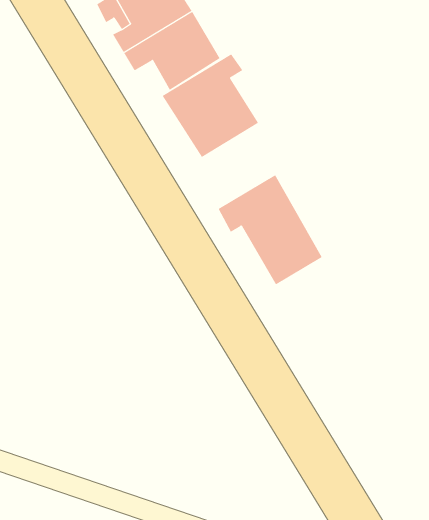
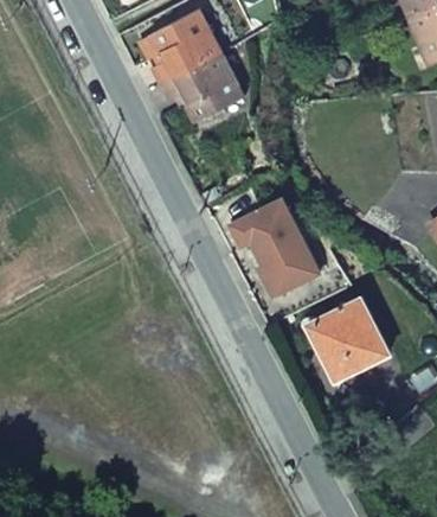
building: [162,53,259,158] -> none
building: none -> [310,298,387,376]

